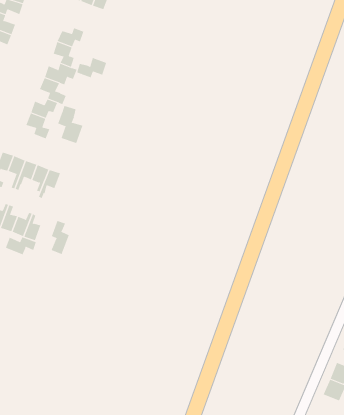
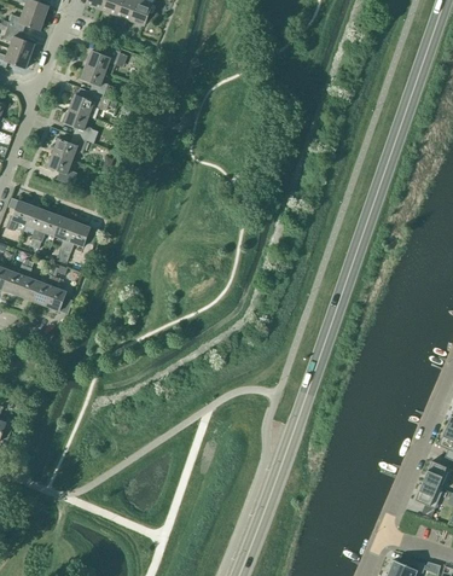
building: [76,57,107,78] -> none
building: [58,105,83,144] -> none
building: [51,220,69,255] -> none
building: [5,236,37,255] -> none

